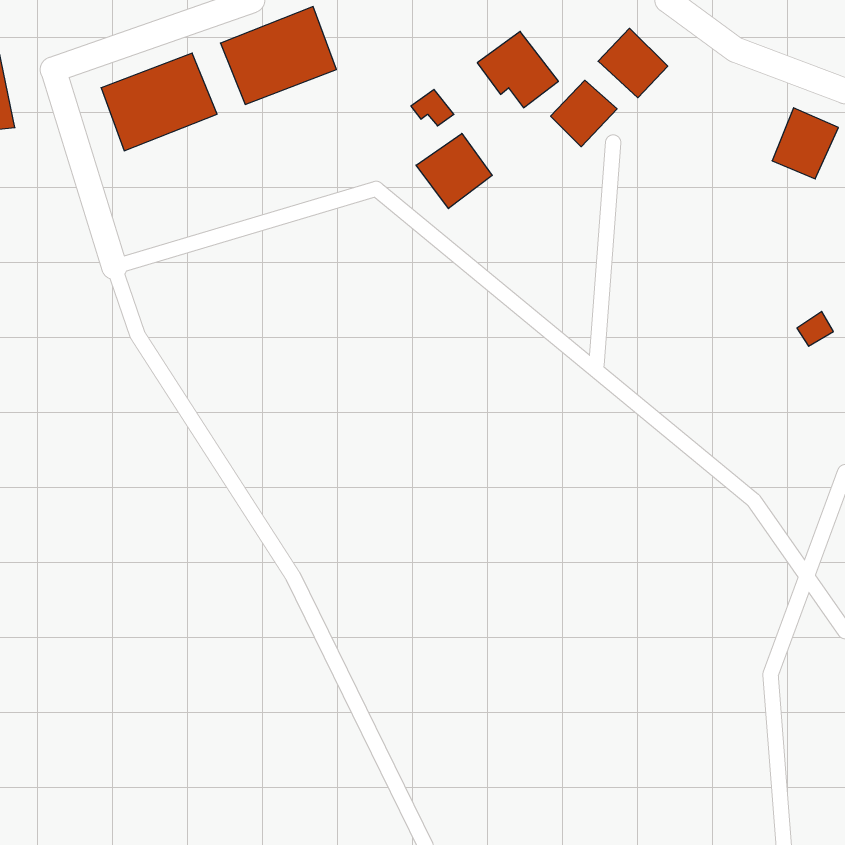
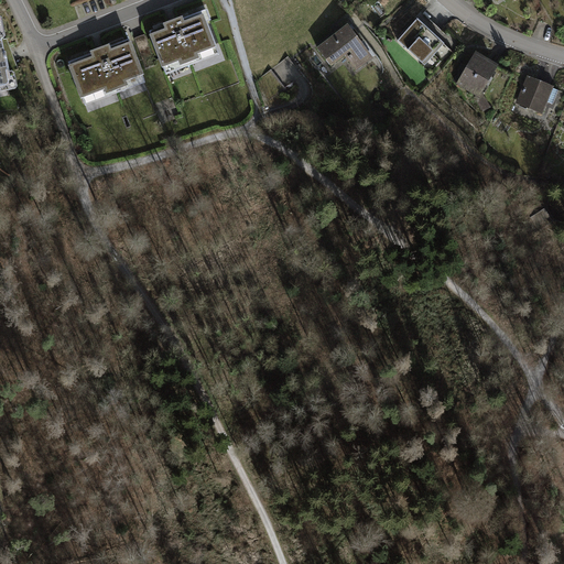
building: none -> [453,48,502,100]
building: [551,80,617,147] -> none
building: [416,133,492,209] -> none

